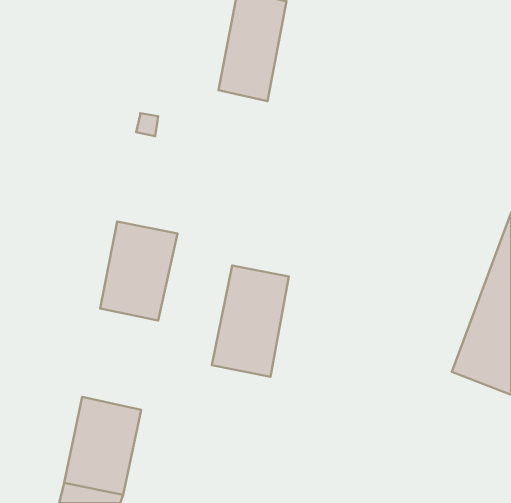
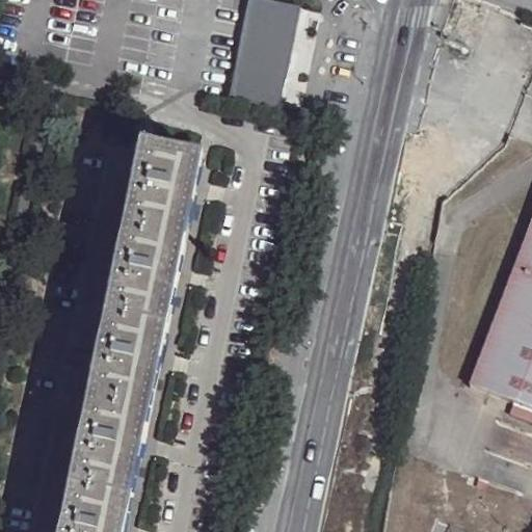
building: none -> [122,143,202,242]
building: [212,265,289,377] -> none
building: none -> [85,320,164,425]

